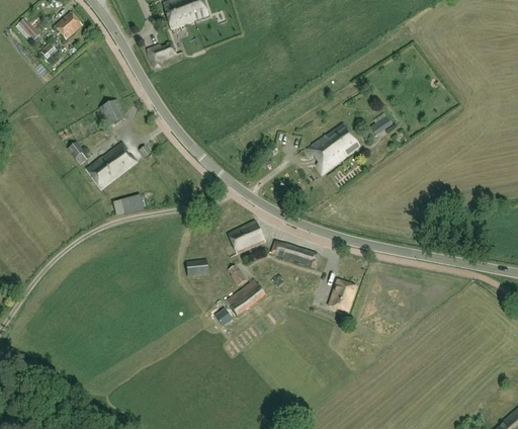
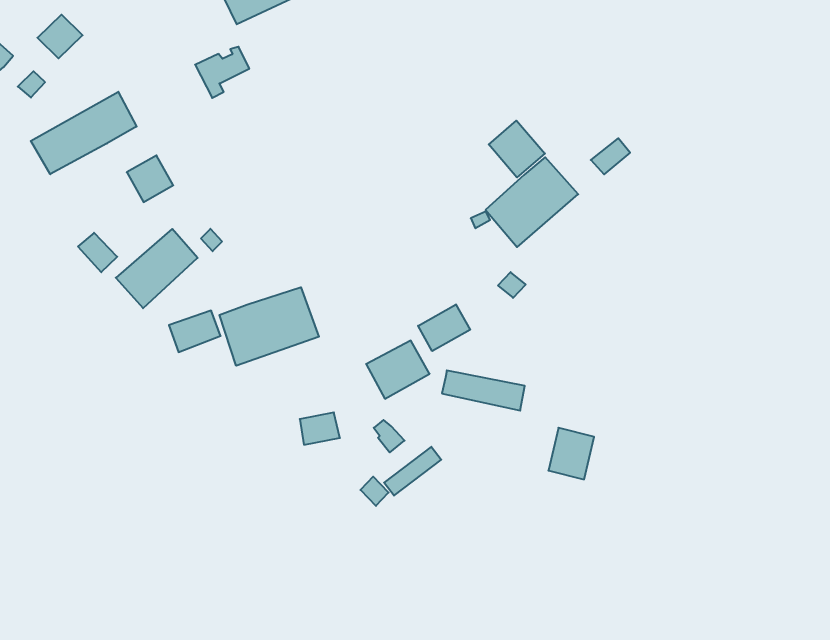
building: none -> [31,92,137,174]
building: none -> [489,121,545,177]
building: none -> [219,287,319,366]
building: none -> [418,304,470,351]

